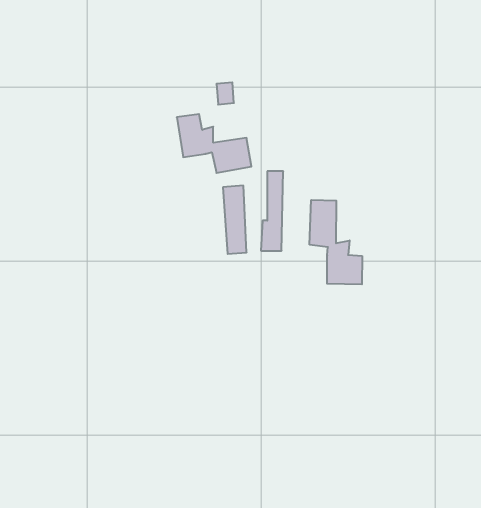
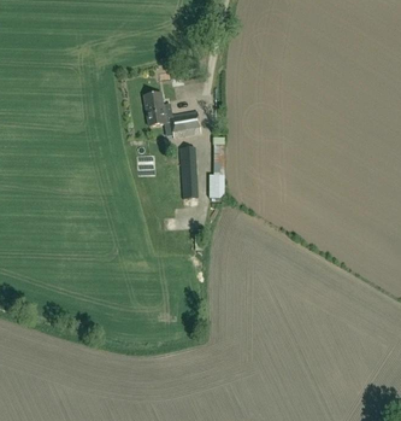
building: [310,200,362,284] -> none

